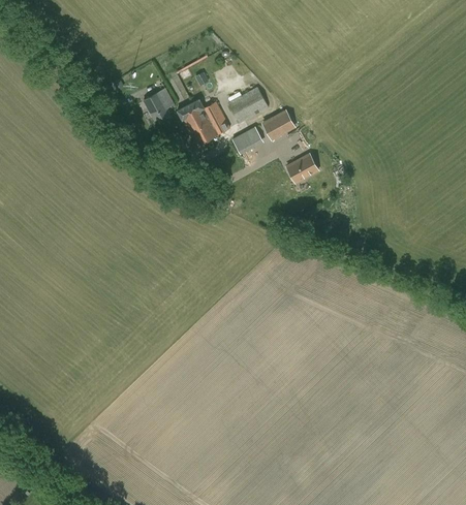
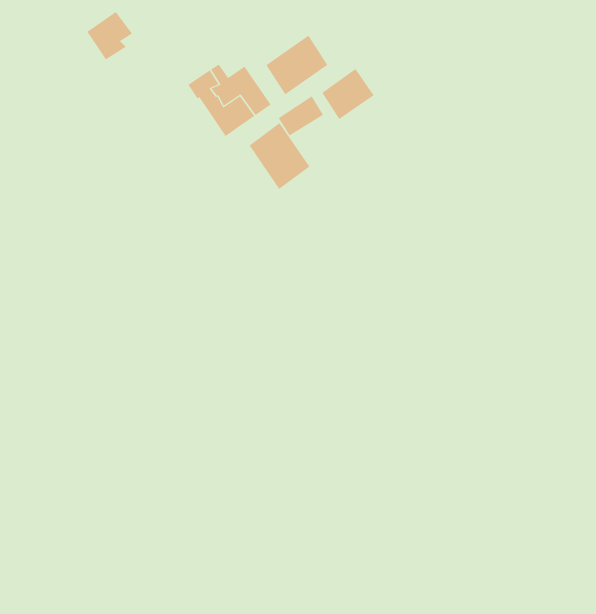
building: [143,89,173,120] -> [86,11,133,60]
building: none -> [249,122,310,190]
building: [285,155,317,183] -> none

